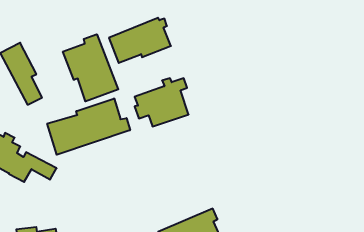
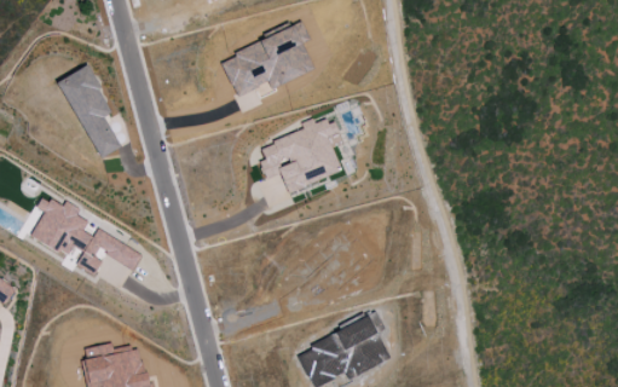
building: [63,34,118,101] -> none
building: [47,98,130,155] -> none

